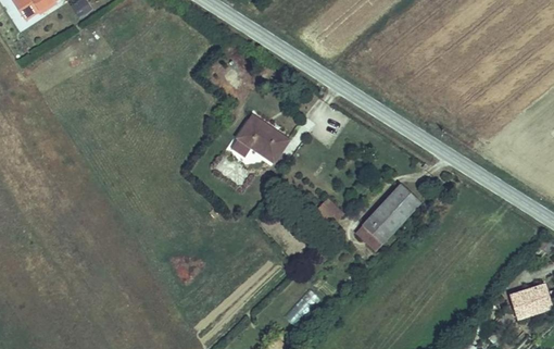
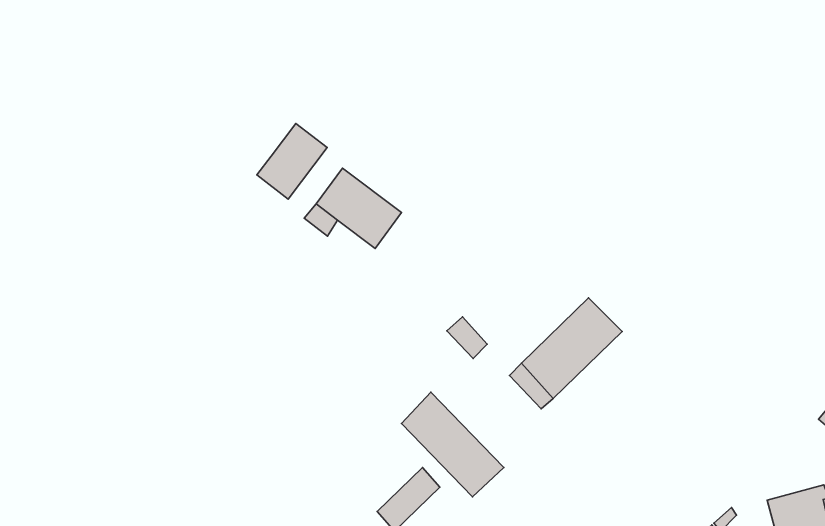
building: none -> [257,123,327,199]
building: none -> [401,392,504,497]

